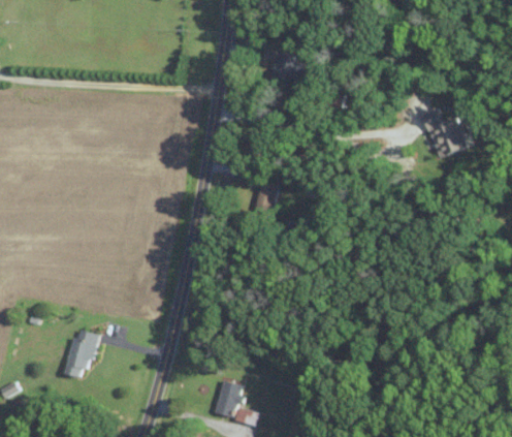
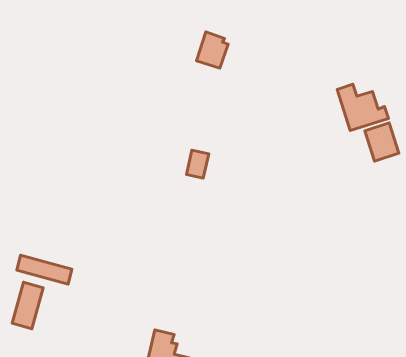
building: none -> [365,123,399,161]
building: none -> [17,255,72,284]

